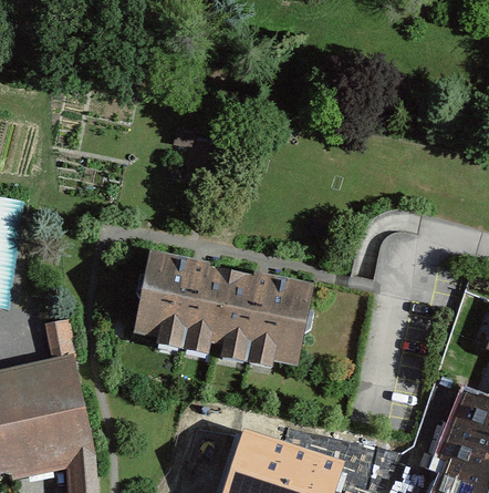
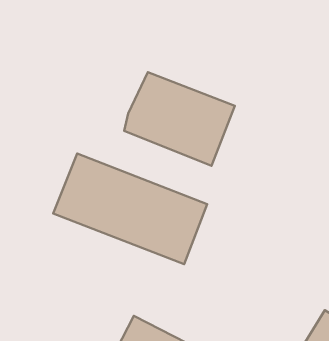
building: none -> [124,72,235,166]

